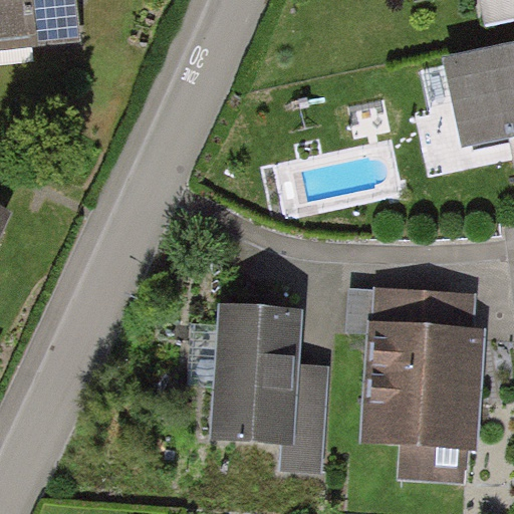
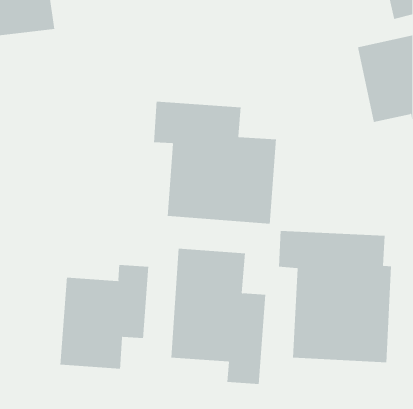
building: none -> [153,101,276,224]
building: none -> [60,264,149,370]

